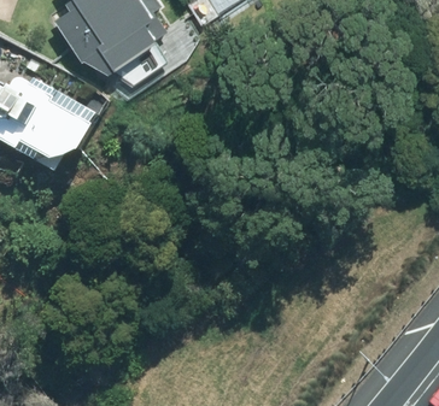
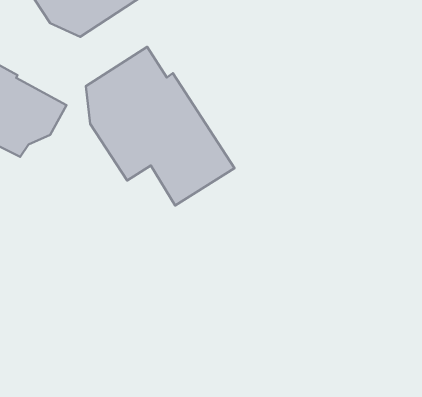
building: none -> [86,47,235,205]

